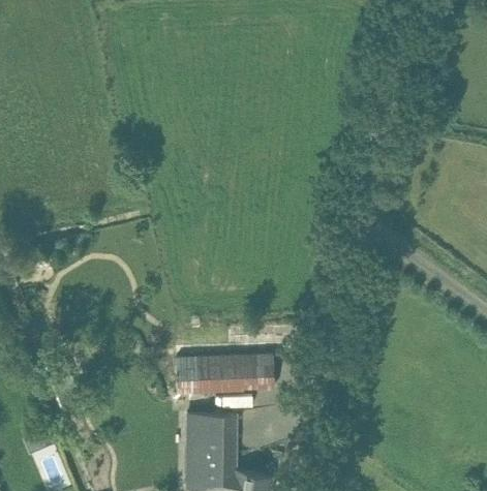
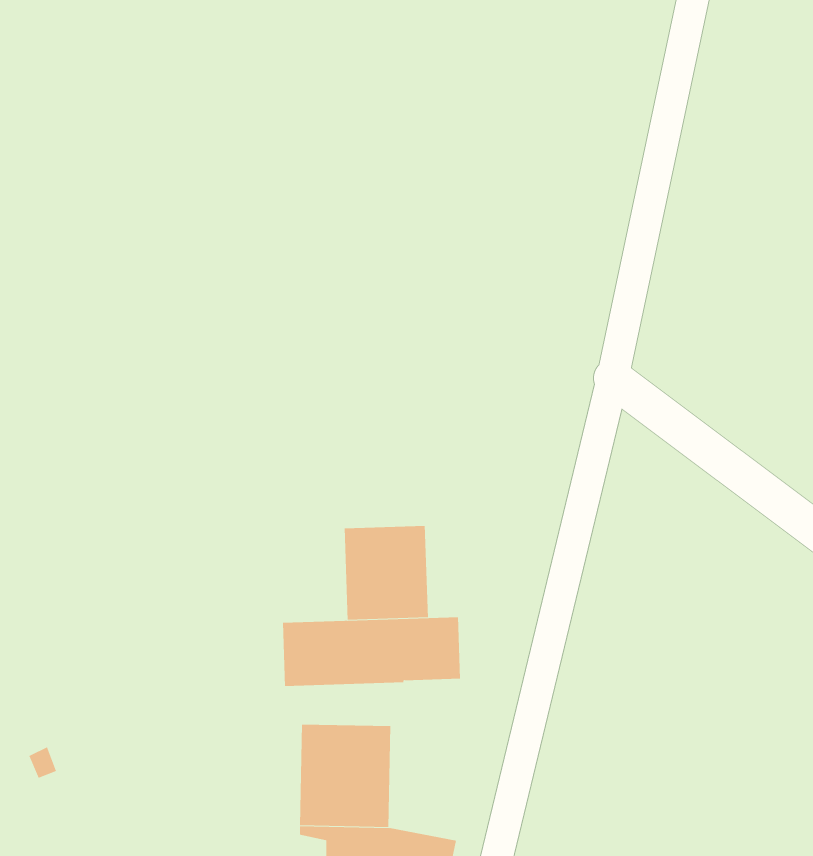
building: none -> [344,525,428,620]

